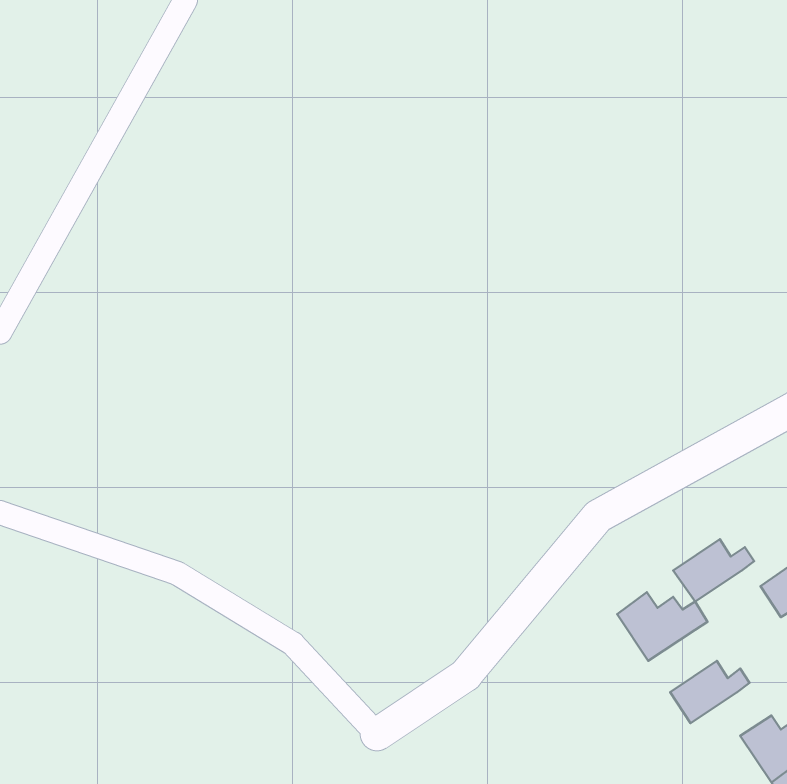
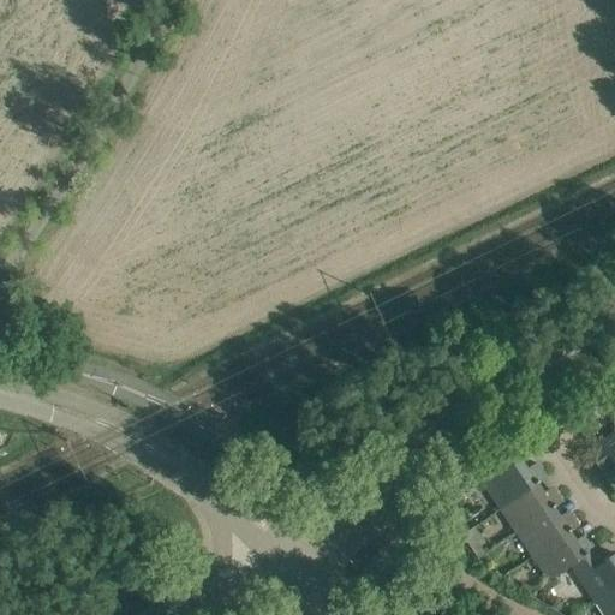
building: [673,539,754,602] -> [507,495,569,543]
building: none -> [539,543,602,591]

